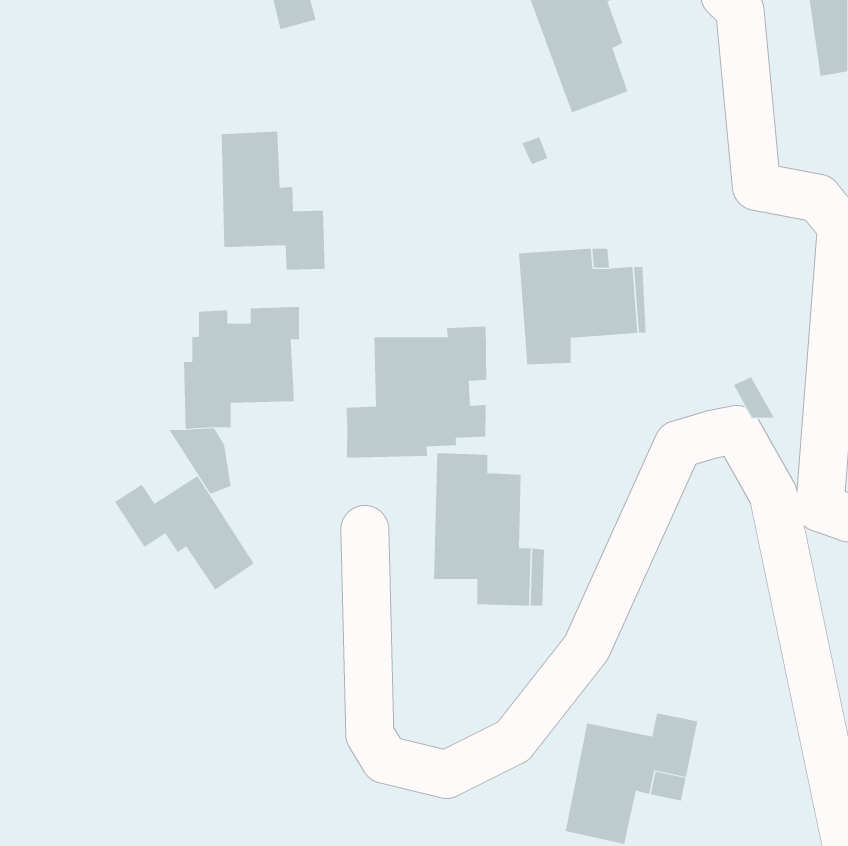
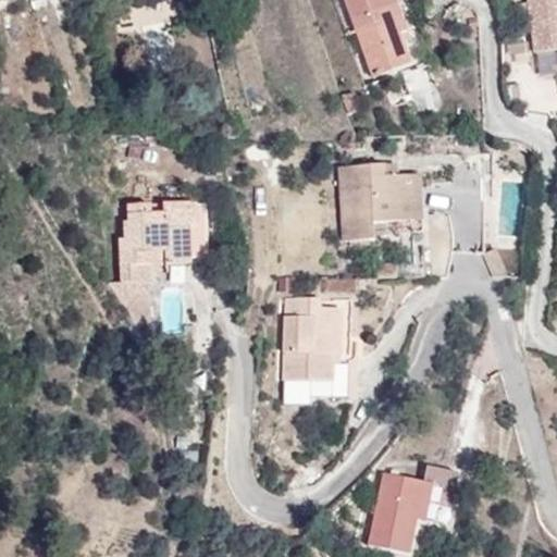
building: [221,131,325,271] -> none
building: [346,326,487,458] -> none
building: [114,475,254,591] -> none

